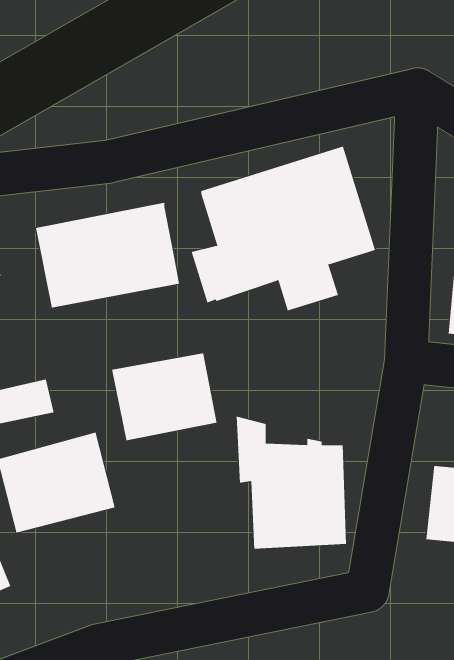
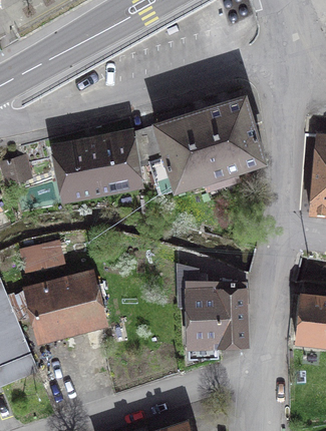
building: none -> [133,125,166,164]
building: [112,353,217,441] -> none

